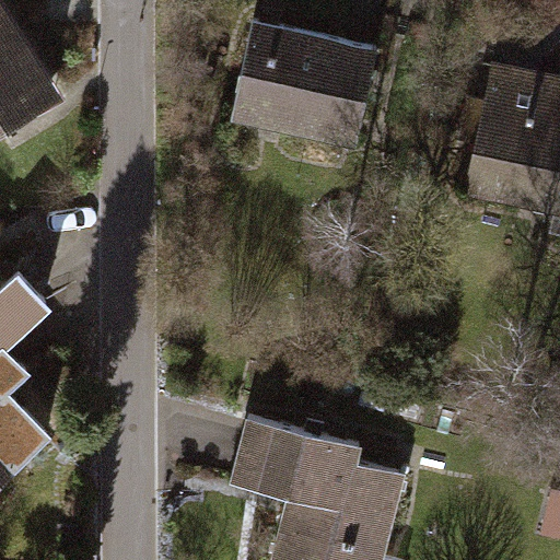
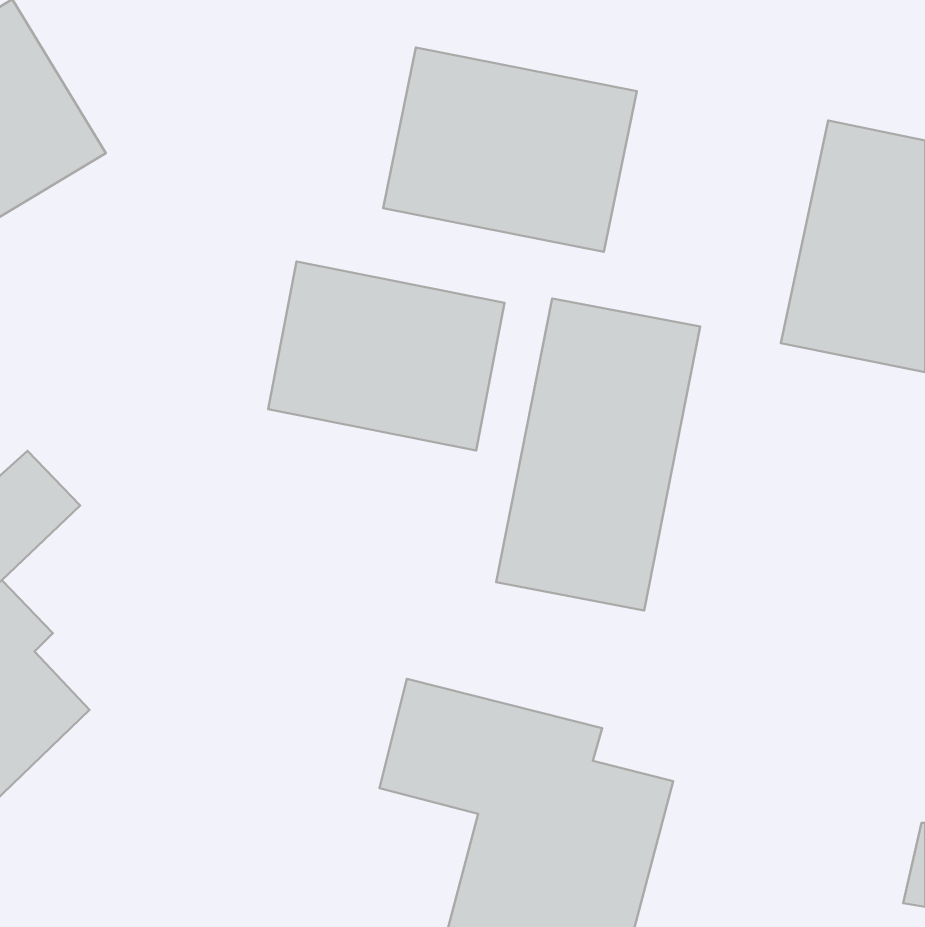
building: none -> [268,262,505,451]
building: none -> [496,298,700,610]

